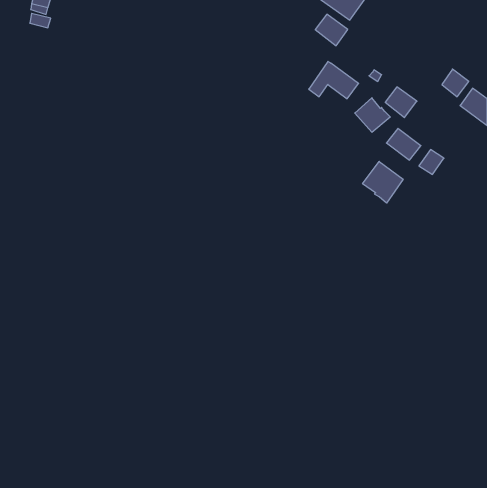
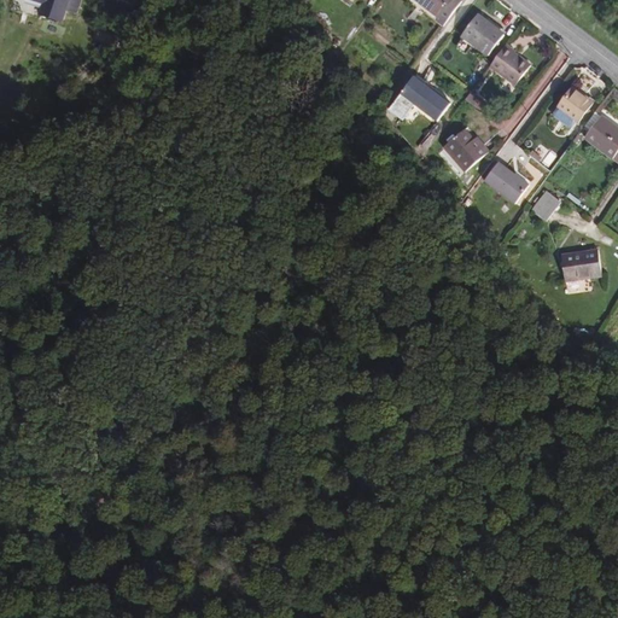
building: [315,14,348,46] -> [461,16,502,56]
building: [385,87,417,118] -> [490,42,530,81]
building: [363,161,403,203] -> none
building: none -> [560,246,601,280]

